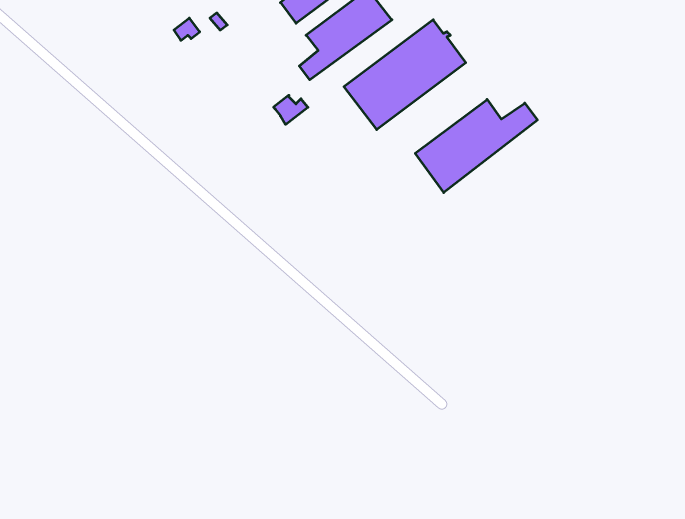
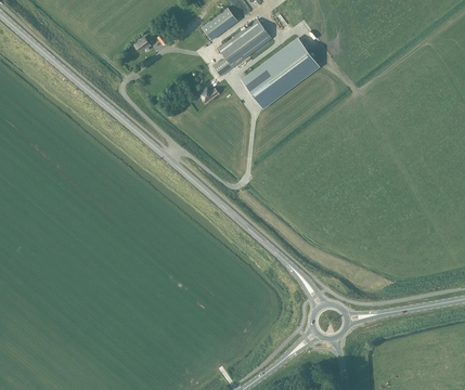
building: [415,99,537,193] -> none

